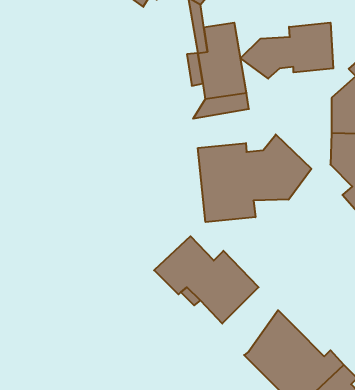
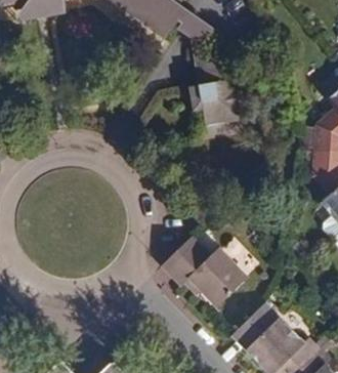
building: [240,23,333,79] -> none
building: [198,134,311,222] -> none

